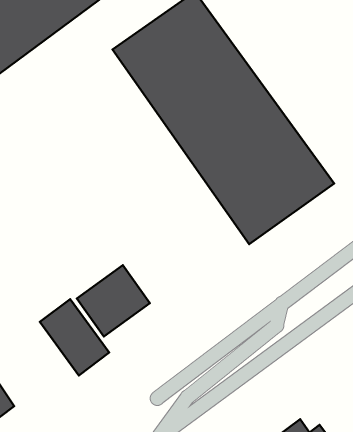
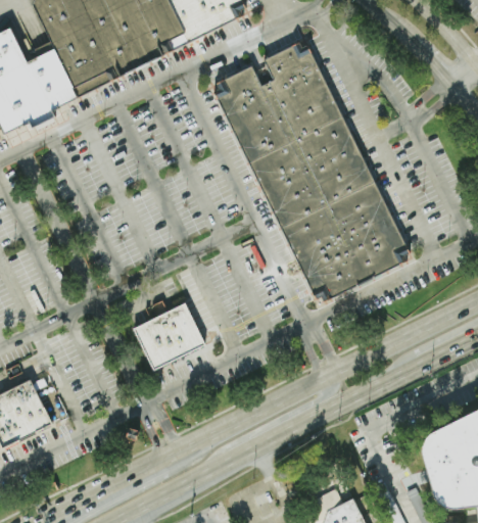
building: [40,299,109,375] -> none

